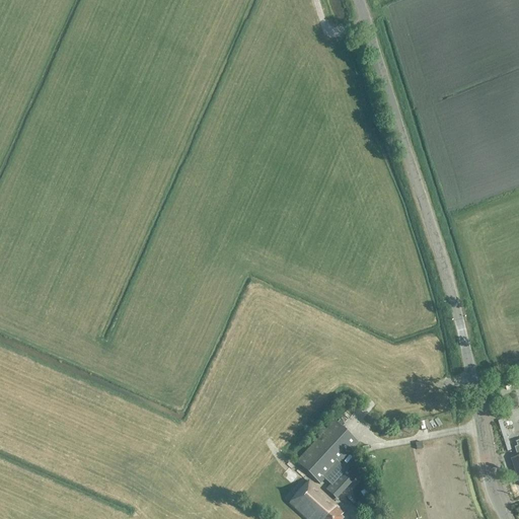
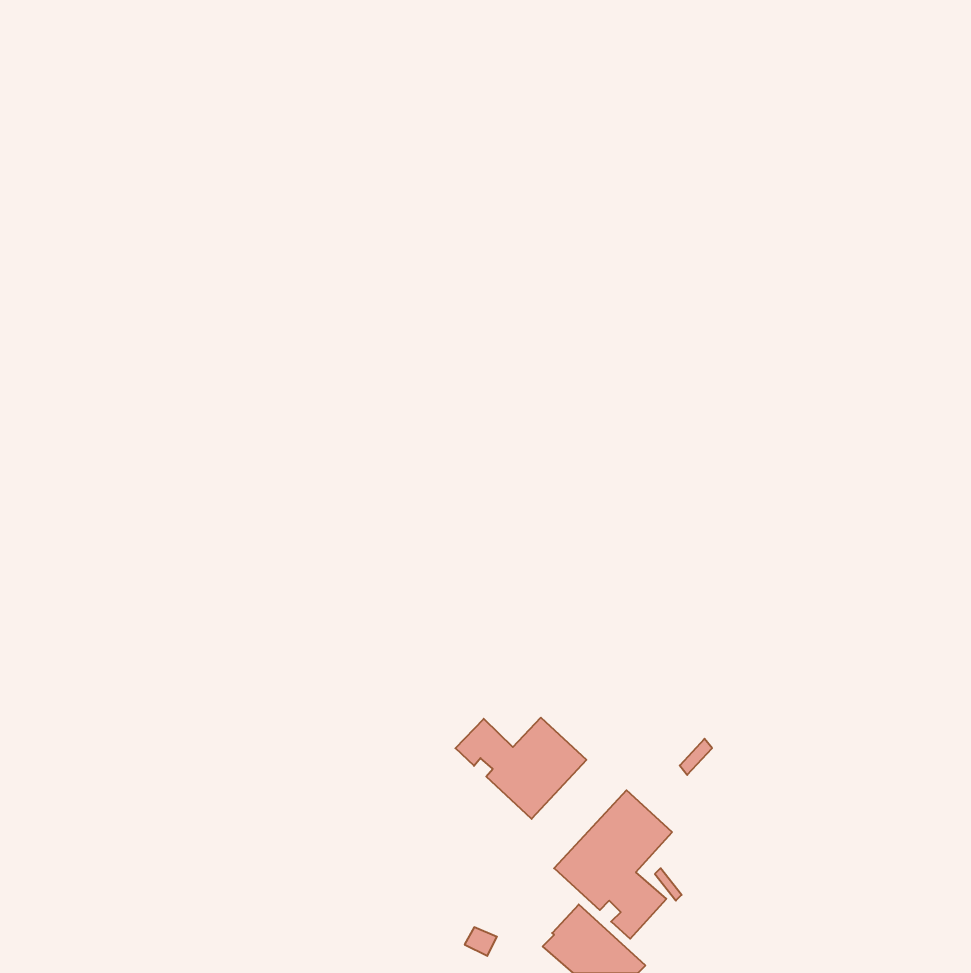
building: none -> [455,718,586,819]

